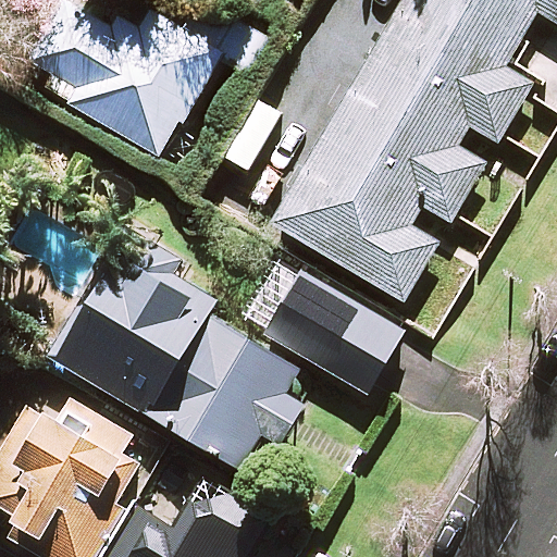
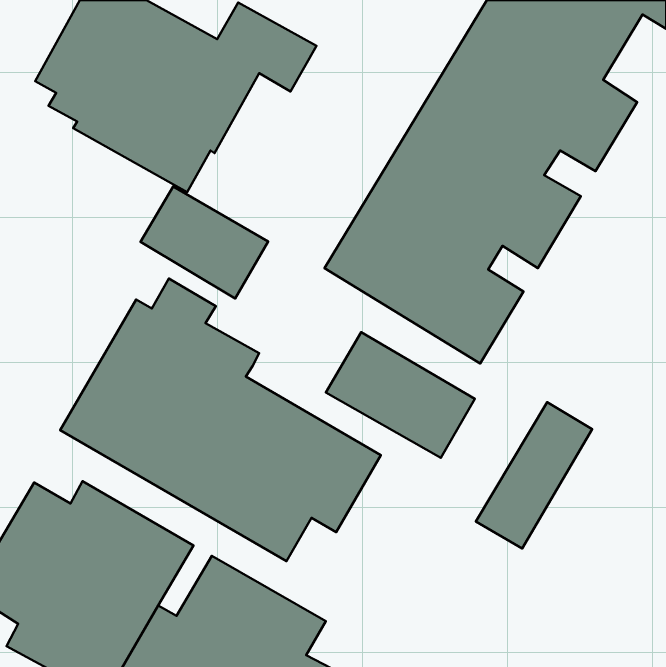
building: none -> [141,186,268,299]
building: none -> [476,402,592,549]

